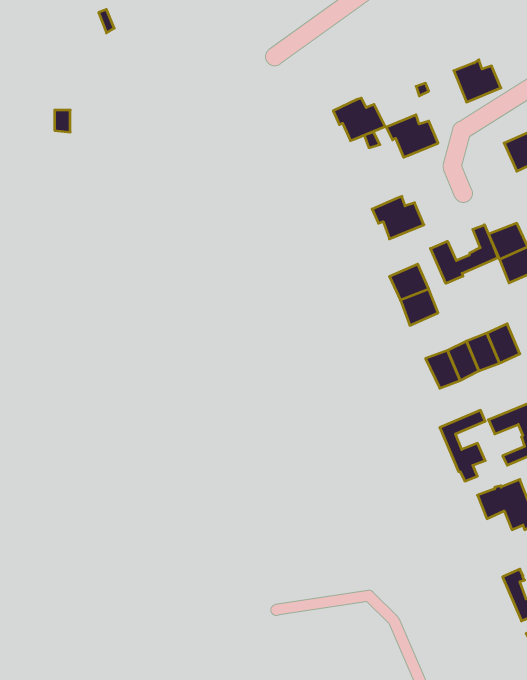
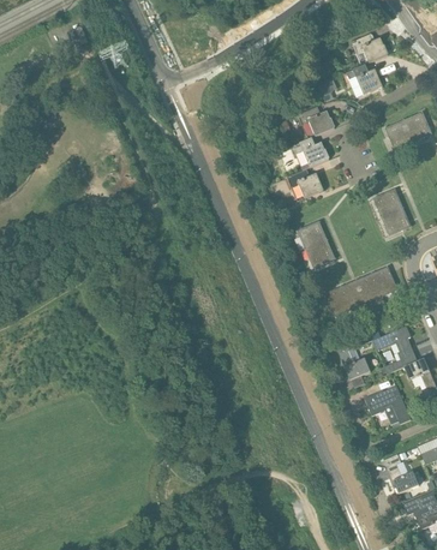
building: none -> [349,34,388,66]
building: [333,98,385,141] -> [291,137,330,169]
building: [430,225,498,283] -> none

